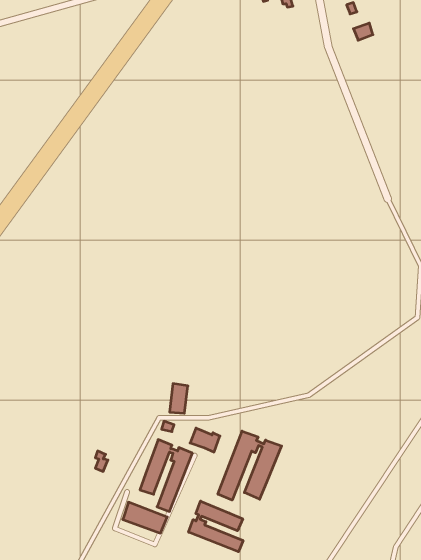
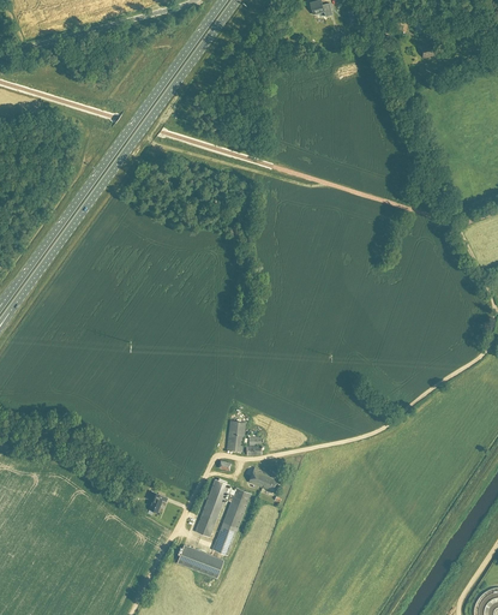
building: [218,431,282,500] -> none
building: [189,501,243,552] -> none

